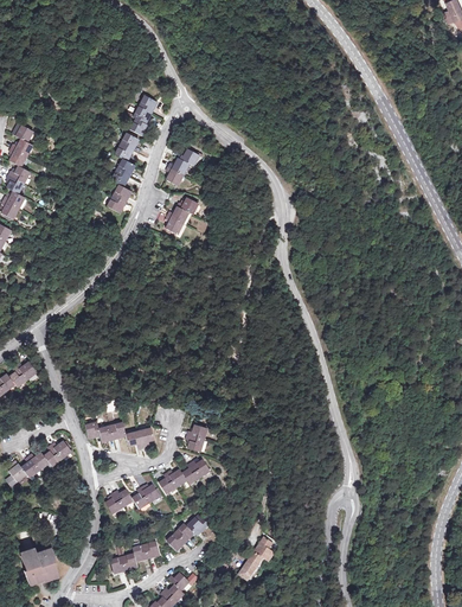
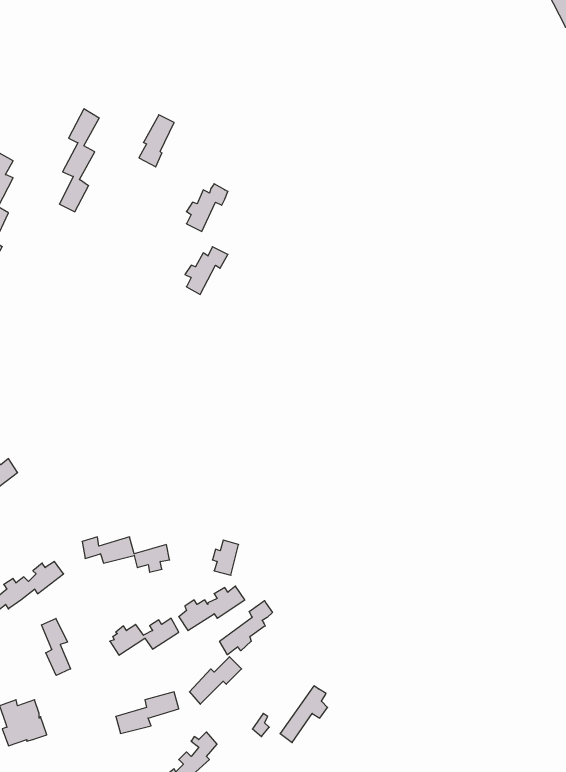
building: [108,132,139,211] -> [59,109,99,212]
building: none -> [220,601,272,655]
building: none -> [42,618,71,675]

